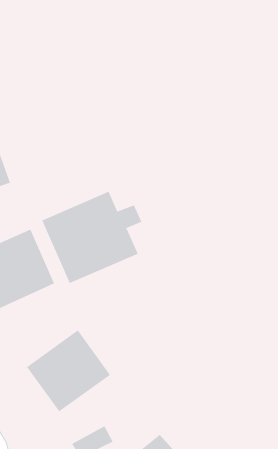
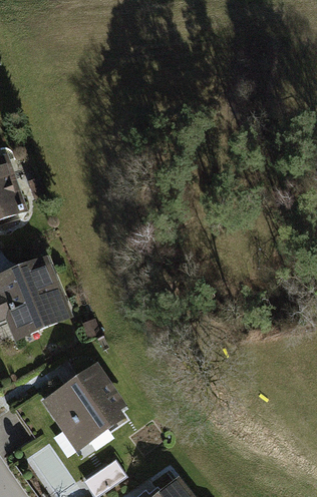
building: [41,191,142,284] -> none

